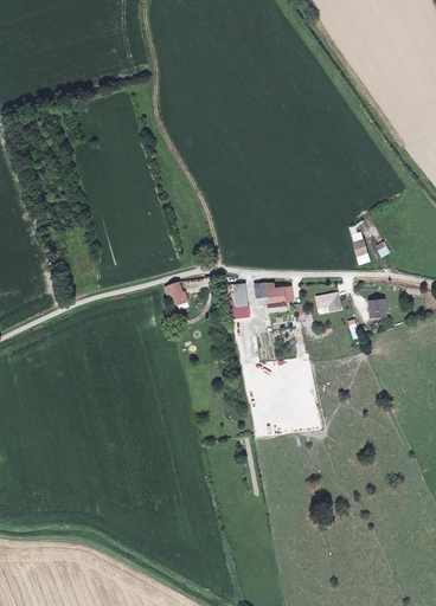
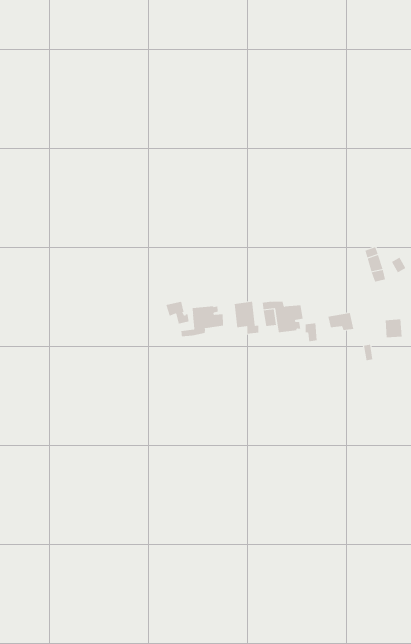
building: none -> [181,305,224,337]

